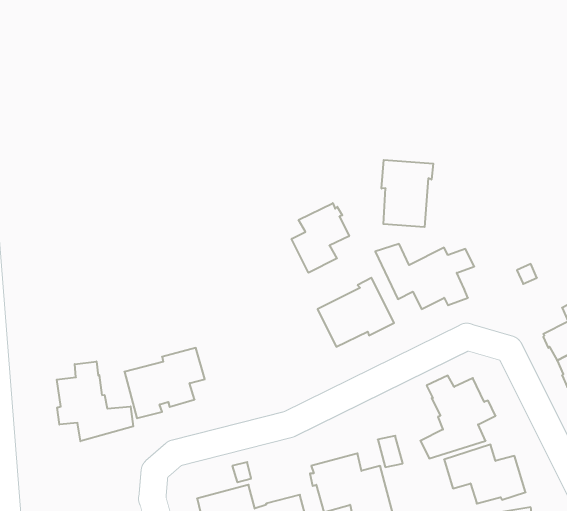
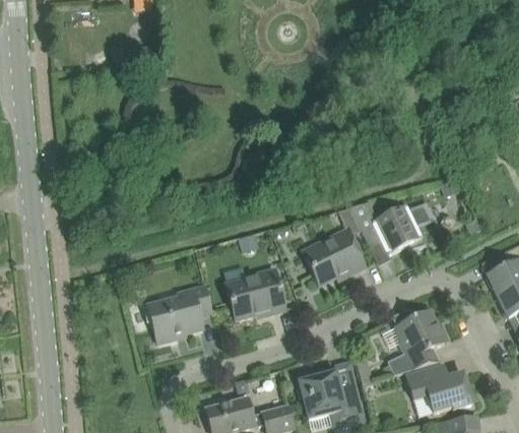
building: [382,160,433,227] -> none
building: [292,203,349,273] -> none
building: none -> [226,267,285,318]
building: [57,361,133,441] -> none

